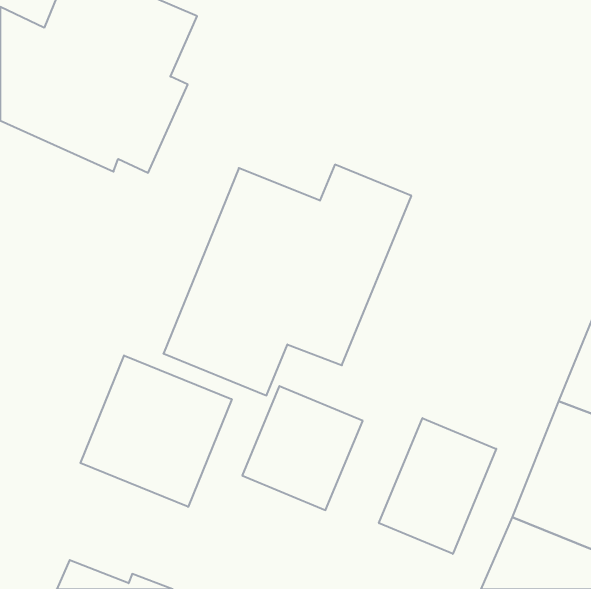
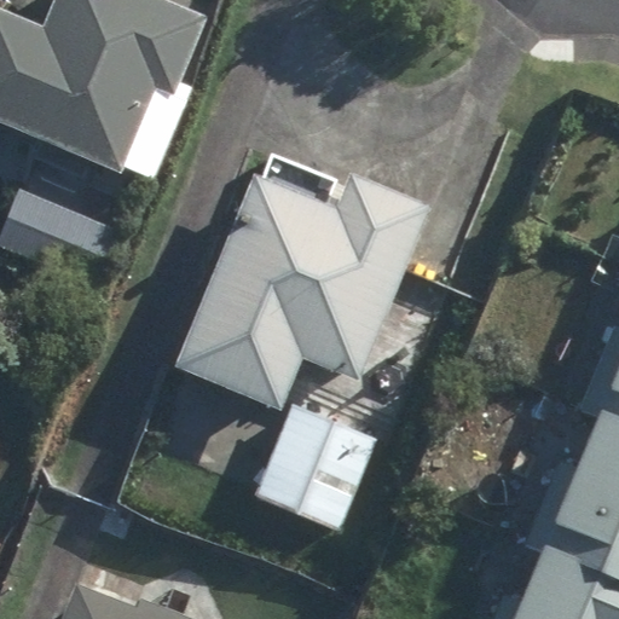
building: [80,355,232,507] -> none
building: [379,418,496,554] -> none

